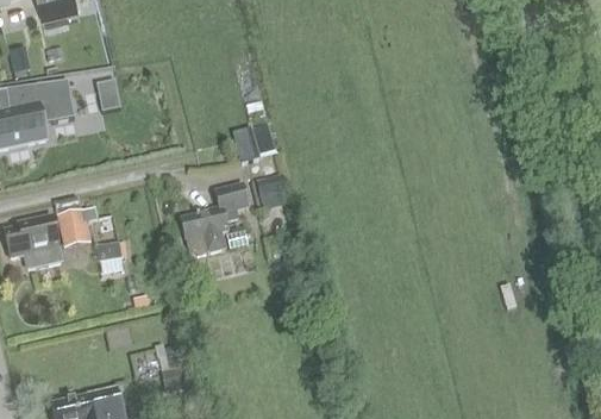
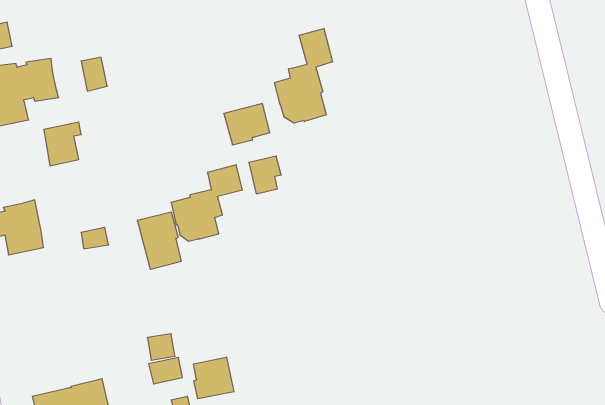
building: none -> [275,28,333,123]
building: [56,207,92,249] -> [44,122,81,166]
building: none -> [137,212,181,269]
building: none -> [194,357,234,399]

